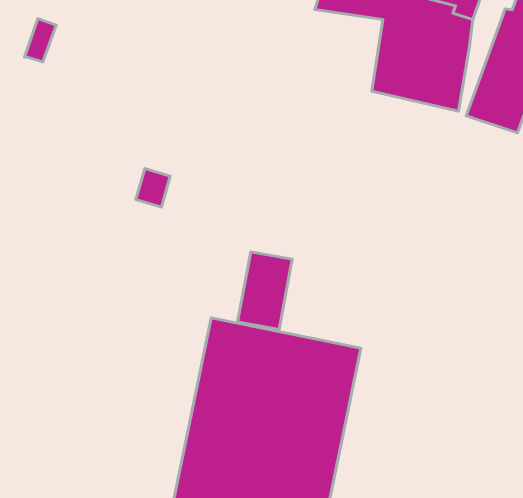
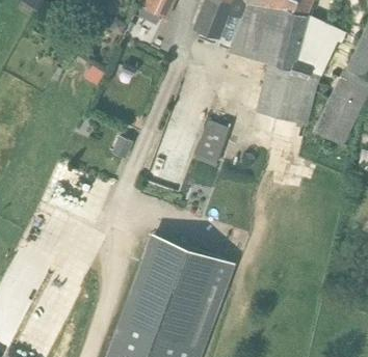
building: [238,252,292,330] -> [196,117,233,165]

